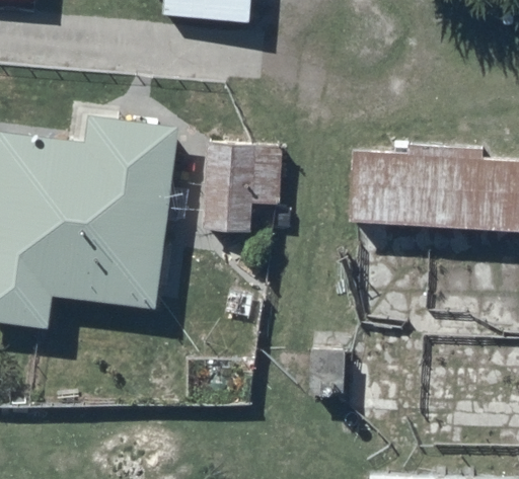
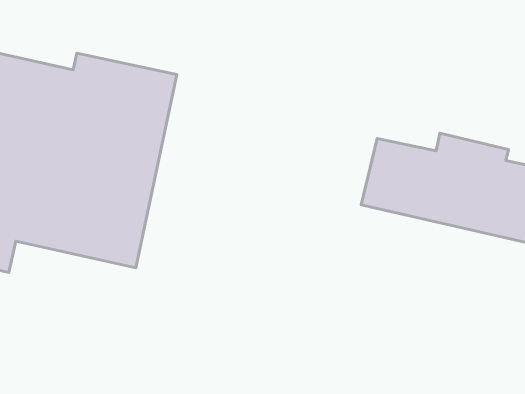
building: [206,147,285,241] -> none

